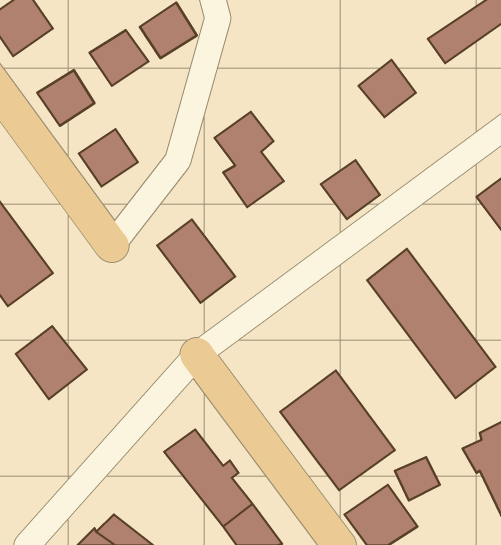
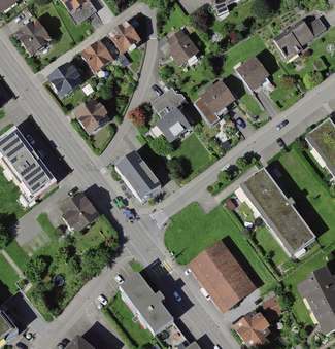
building: none -> [166,27,200,69]
building: [321,160,380,219] -> [199,80,234,115]
building: [16,326,87,399] -> [58,187,100,231]

